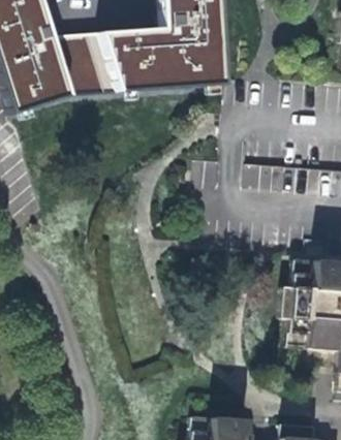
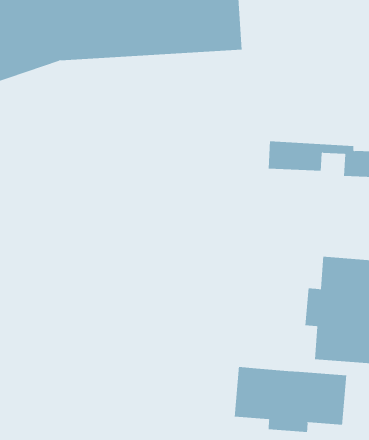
building: none -> [234,366,347,433]

